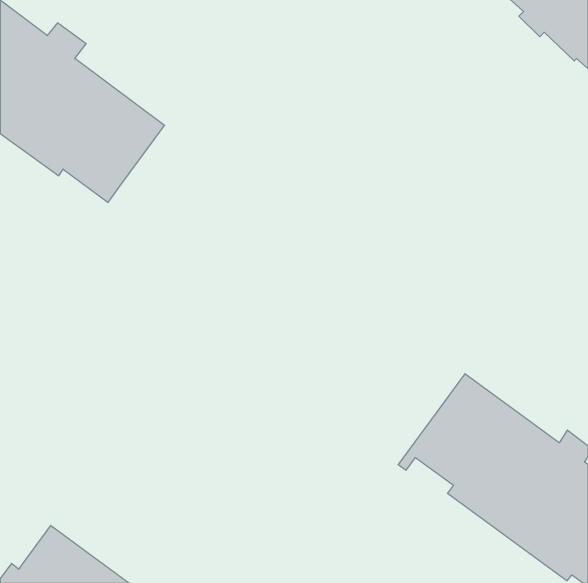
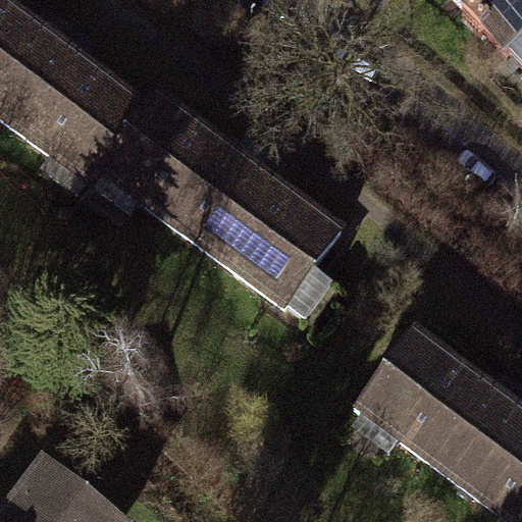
building: none -> [106,97,338,304]

